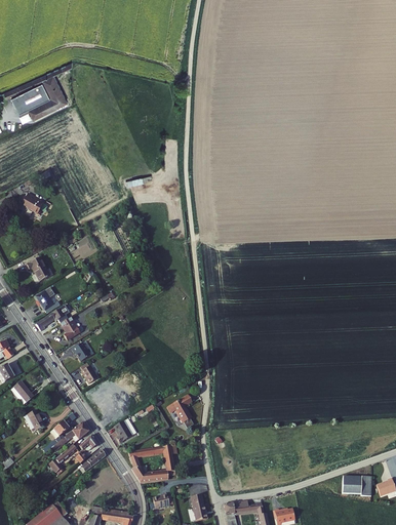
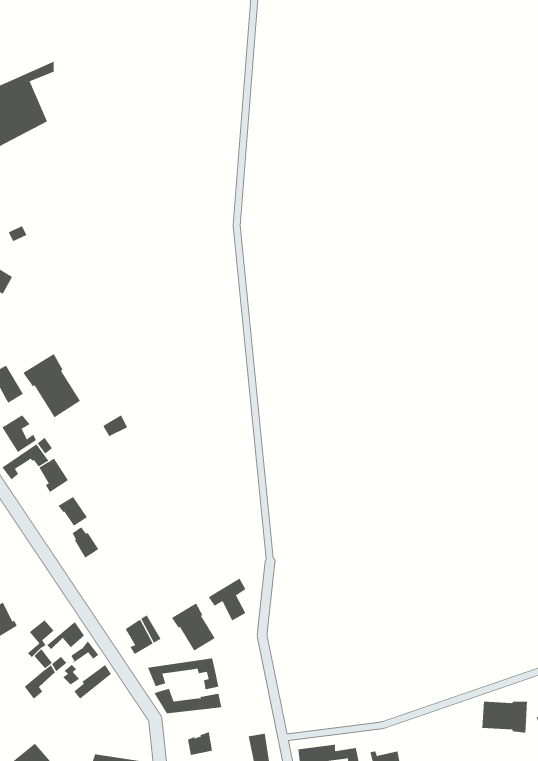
building: none -> [23,353,81,418]
building: none -> [171,603,215,652]

